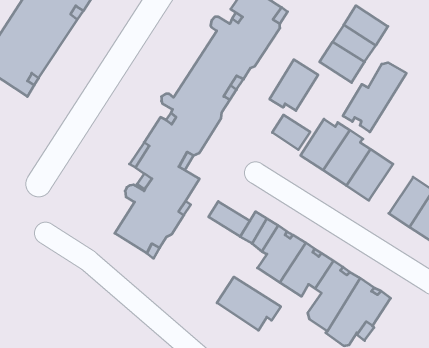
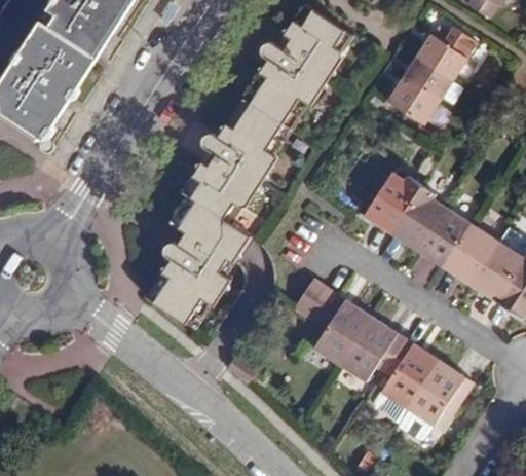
building: [270,60,318,111] -> none
building: [343,63,406,132] -> none
building: [272,115,310,150] -> none
building: none -> [446,220,498,279]
building: [209,201,250,236] -> none
building: [217,277,281,330] -> none

